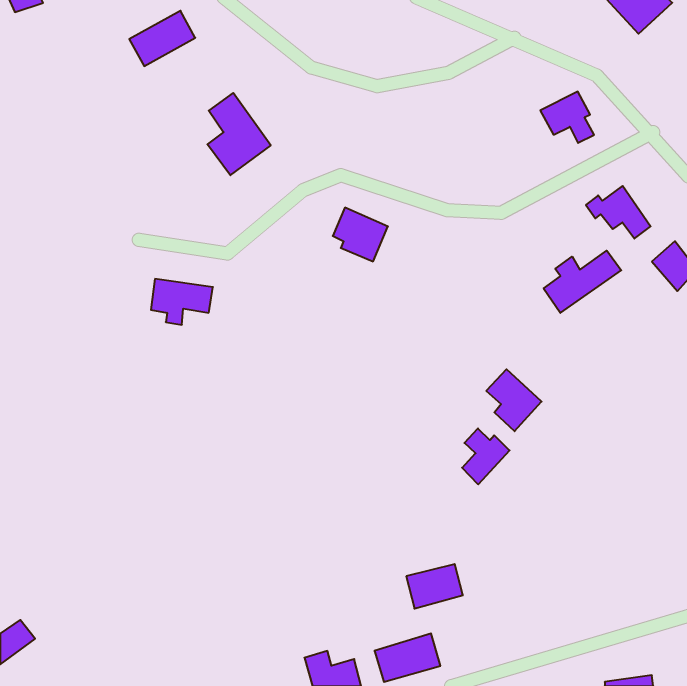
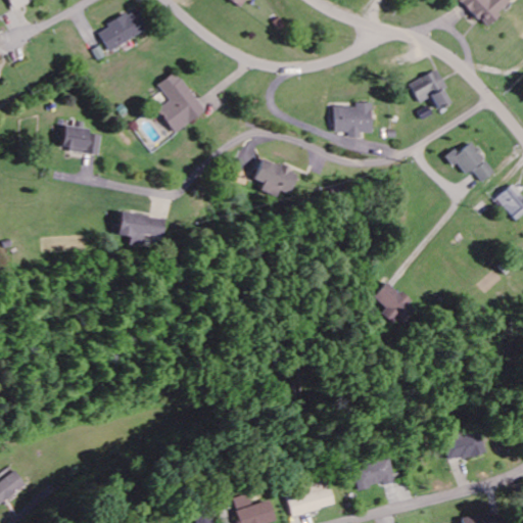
building: none -> [334,102,372,137]
building: none -> [60,121,103,154]
building: [544,251,621,313] -> none
building: [462,428,510,484] -> none
building: [406,564,463,609] -> [352,457,395,490]
building: none -> [441,429,482,460]

